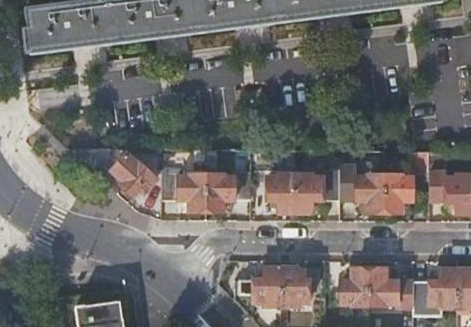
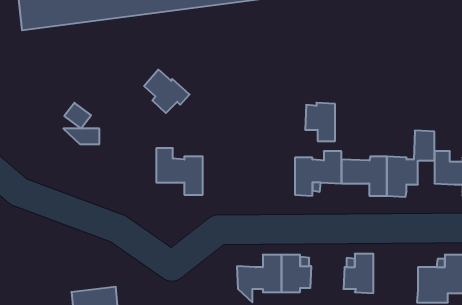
building: [112,152,156,194] -> [144,70,190,113]
building: [205,175,250,212] -> none
building: [265,175,294,212] -> [305,103,335,141]
building: [370,269,413,307] -> none

